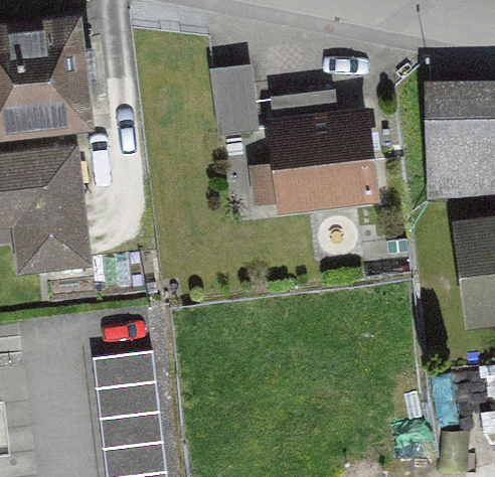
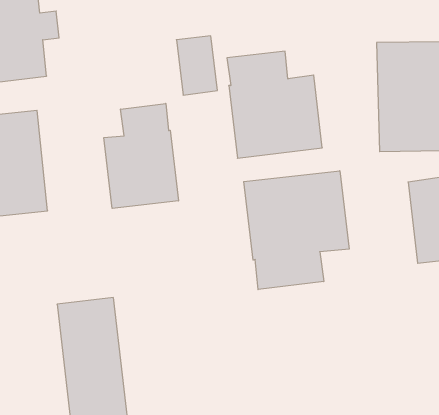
building: none -> [104,103,178,208]
building: none -> [244,171,349,290]

